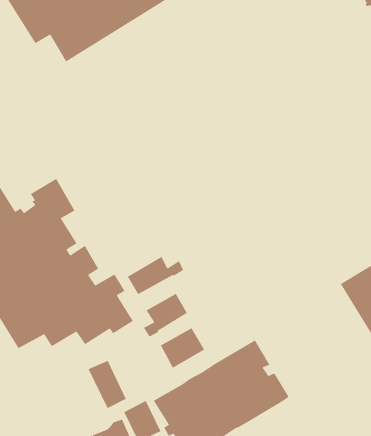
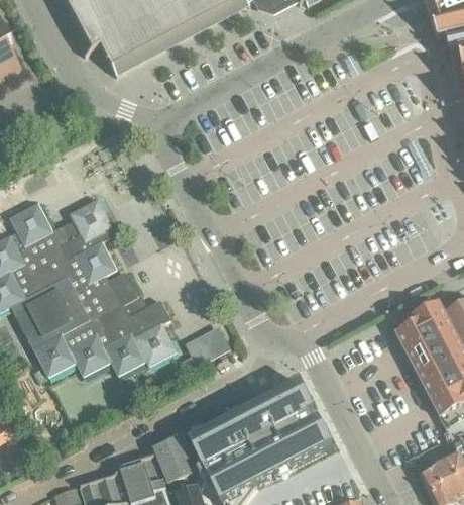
building: [127,256,184,295] -> none
building: [160,327,205,369] -> none
building: [88,360,127,409] -> none

